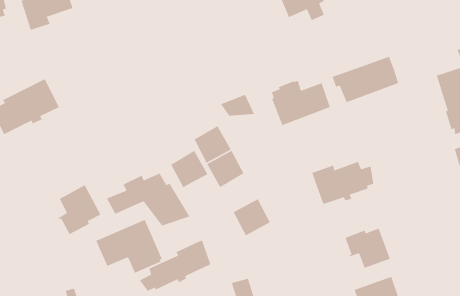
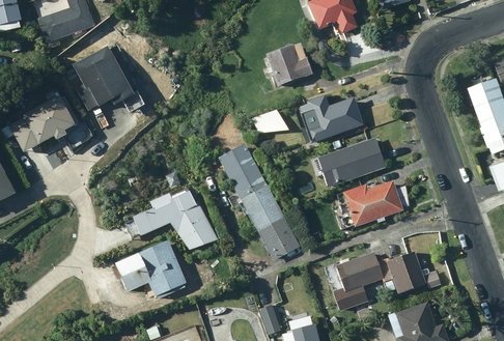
building: none -> [267,42,312,85]
building: none -> [66,48,129,111]
building: [331,56,399,103] -> [313,137,385,187]
building: [170,150,208,188] -> [246,193,286,233]
building: [57,184,101,235] -> none
building: none -> [332,250,384,311]
building: [139,239,211,292] -> none

